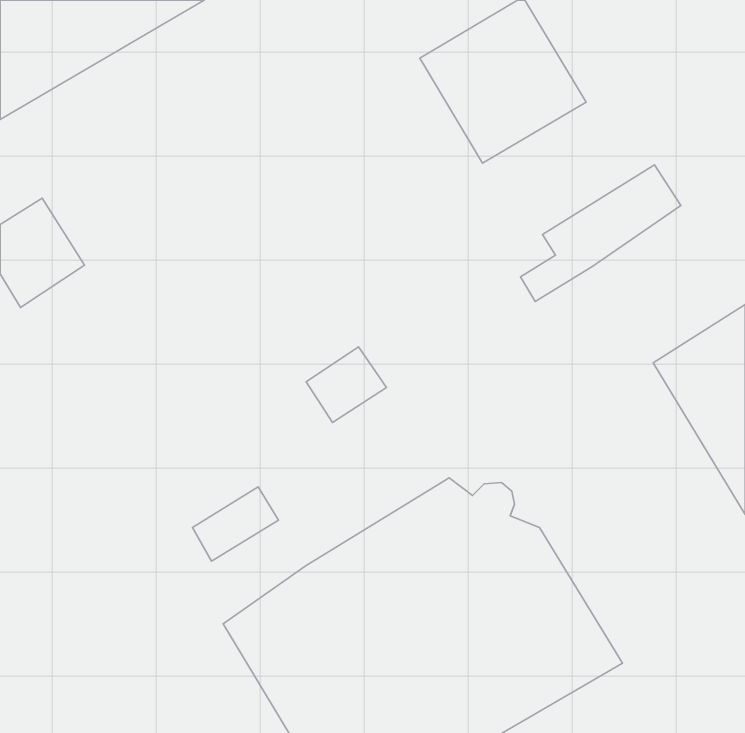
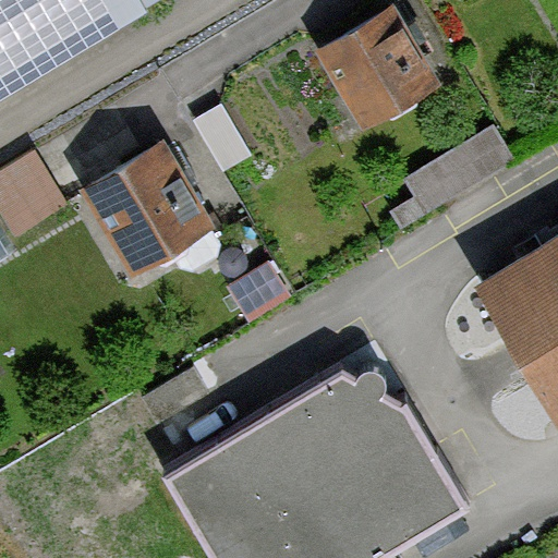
building: none -> [80,142,211,276]

